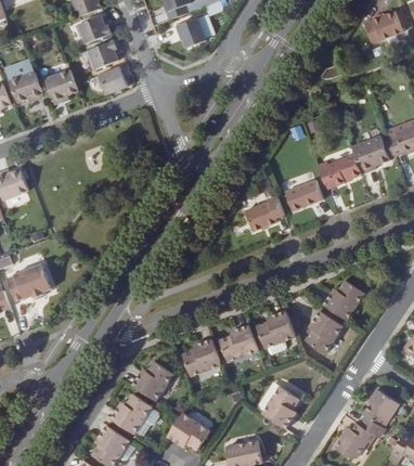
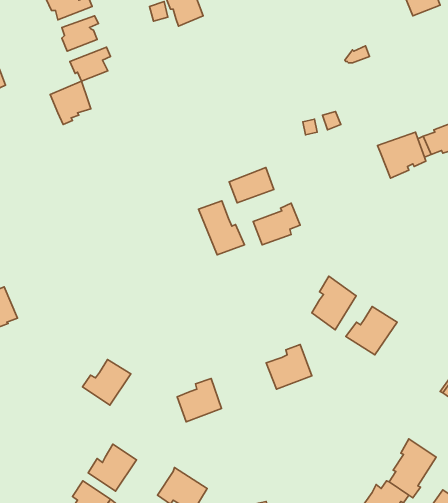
building: [42,68,76,104] -> [50,81,91,124]
building: [316,154,361,189] -> none
building: [286,180,323,209] -> [229,167,274,203]
building: none -> [198,201,244,255]
building: [307,310,344,354] -> [312,276,356,330]
building: [221,325,259,362] -> none
building: [133,361,173,399] -> [82,359,131,405]
building: [263,387,300,428] -> none

